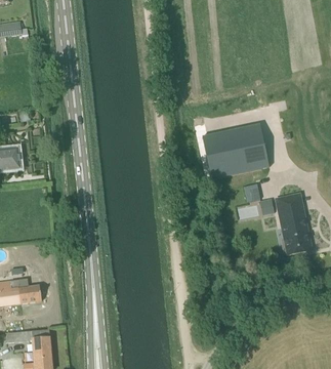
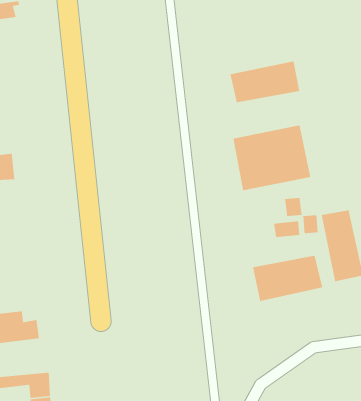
building: none -> [229,61,300,103]
building: none -> [252,255,323,302]

